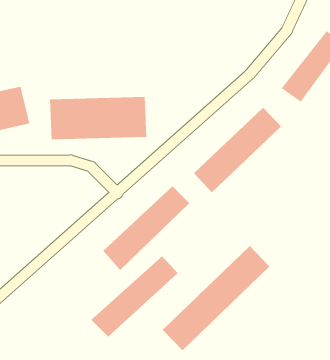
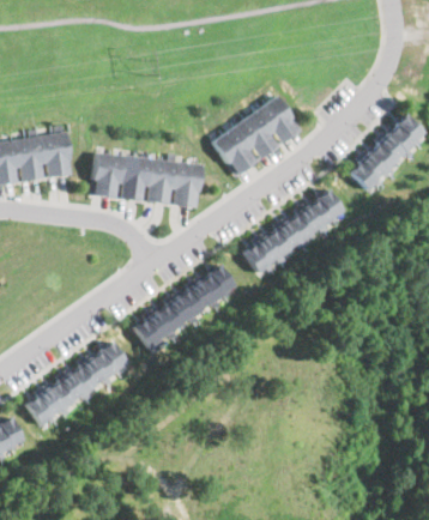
building: none -> [213,98,303,174]
building: [162,245,270,351] -> none
building: [91,255,178,338] -> [25,340,127,423]

